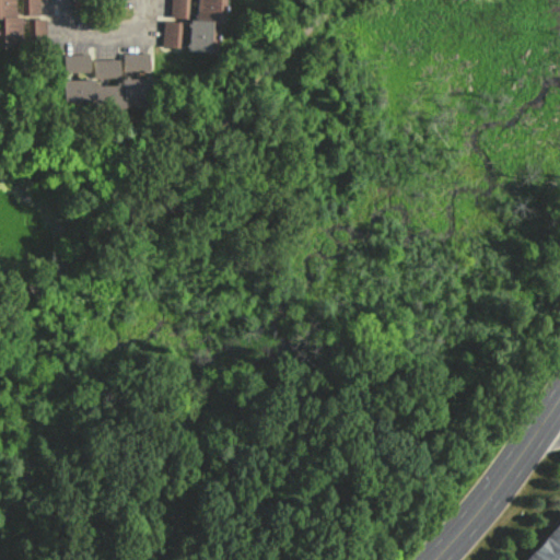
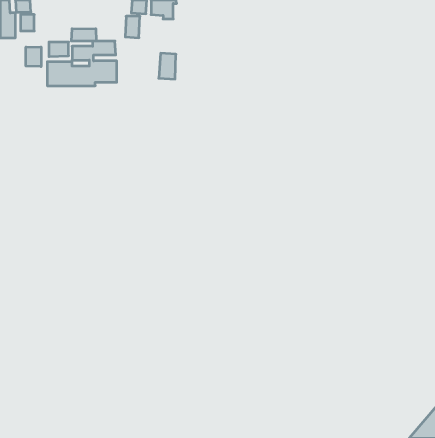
building: [189,20,211,52] -> [159,53,176,79]
building: none -> [71,29,96,41]
building: none -> [26,47,41,67]

